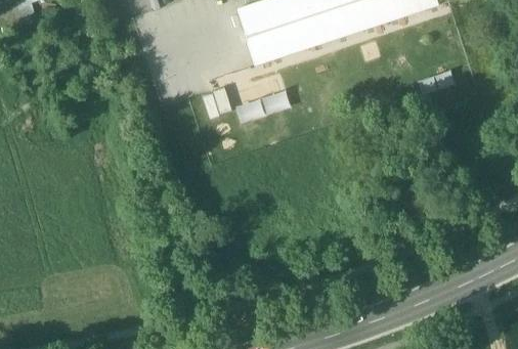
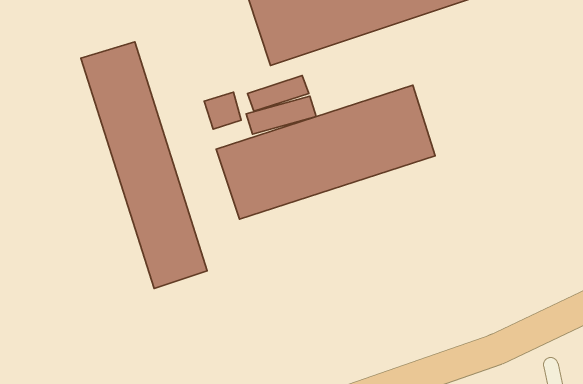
building: none -> [81,42,207,288]
building: none -> [216,85,435,219]

